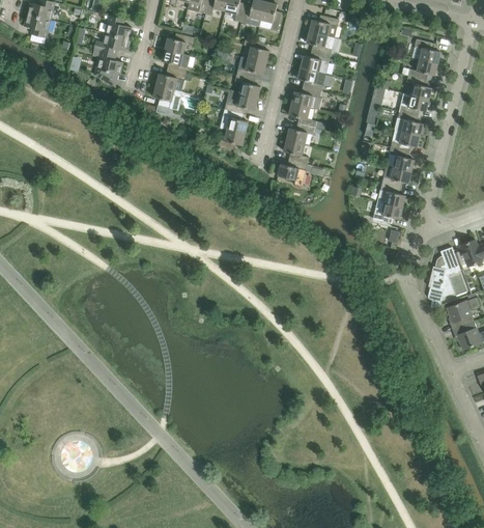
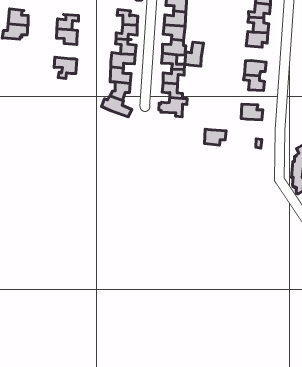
building: [94,50,123,85] -> none
building: [156,68,187,90] -> none
building: none -> [185,42,203,66]
building: [395,110,423,135] -> none
building: none -> [102,96,132,117]
building: [381,164,411,187] -> none
building: [373,200,403,223] -> [204,129,226,145]

